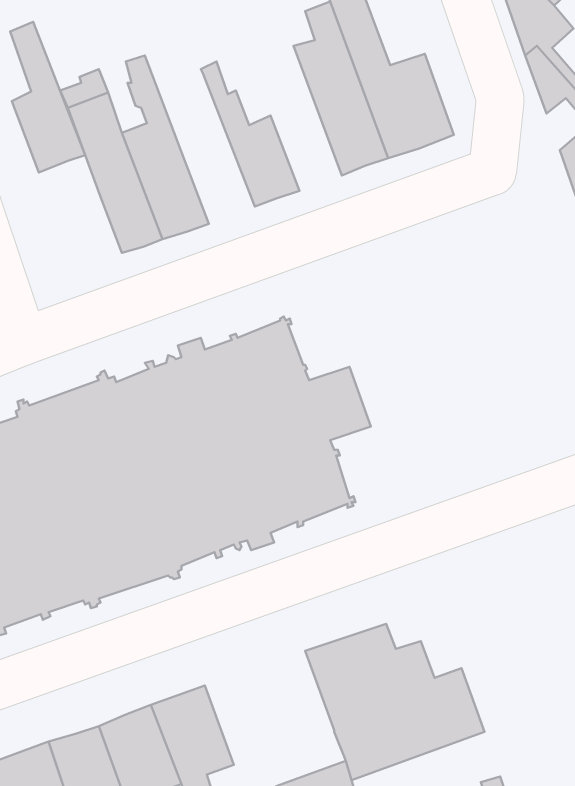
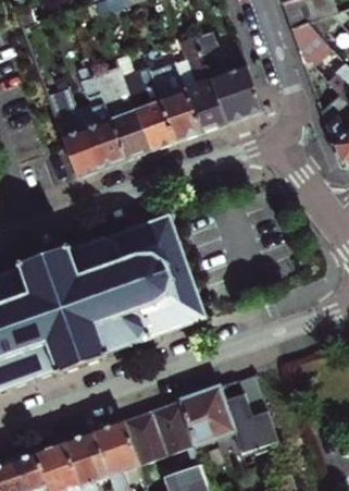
building: [10,22,85,173] -> [110,74,152,159]
building: none -> [149,59,201,140]
building: none -> [124,400,197,465]

